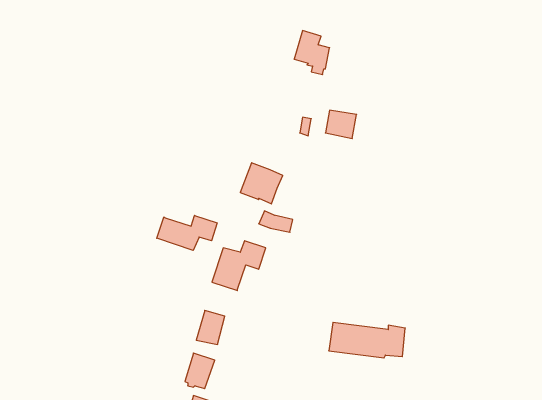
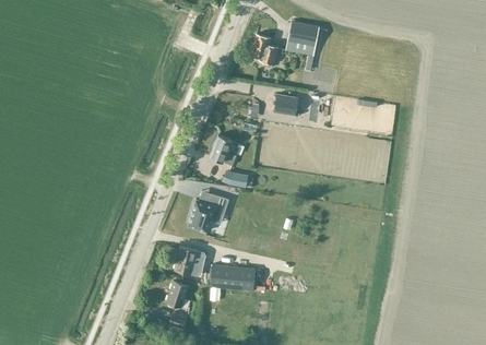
building: none -> [286,21,320,55]
building: [157,215,217,250] -> none
building: [329,322,405,358] -> [210,265,269,293]

